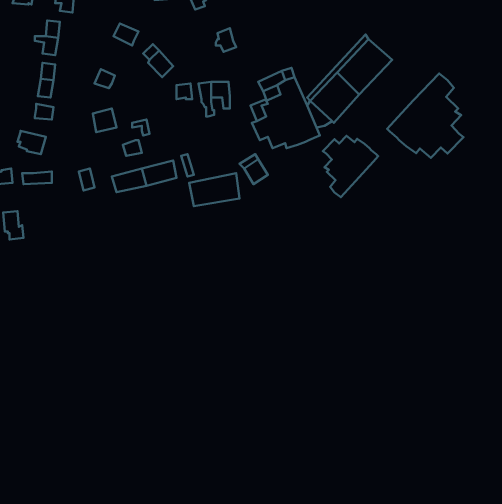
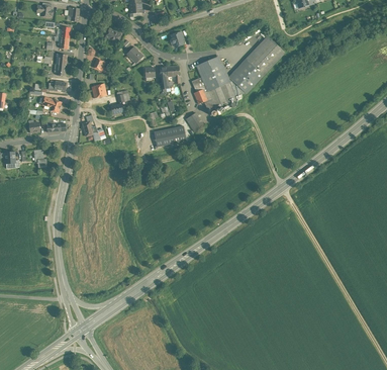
building: [387,74,463,158] -> none
building: [323,136,378,197] -> none

